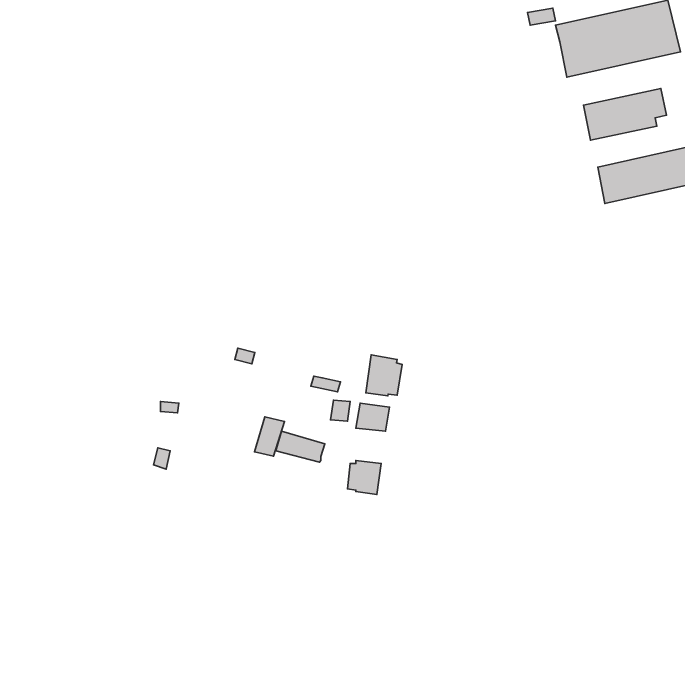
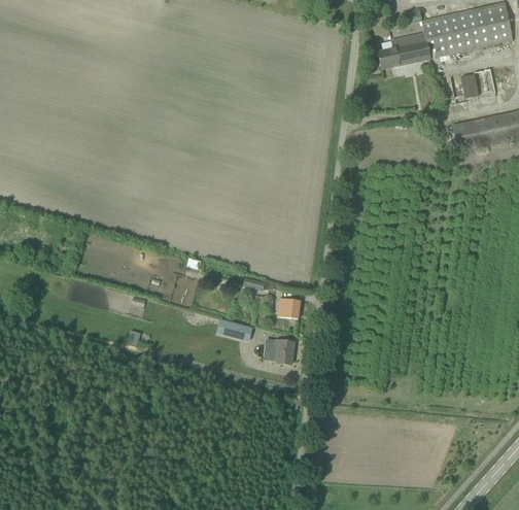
building: none -> [378,32,430,68]
building: [366,355,402,396] -> none
building: [255,417,284,456] -> none

